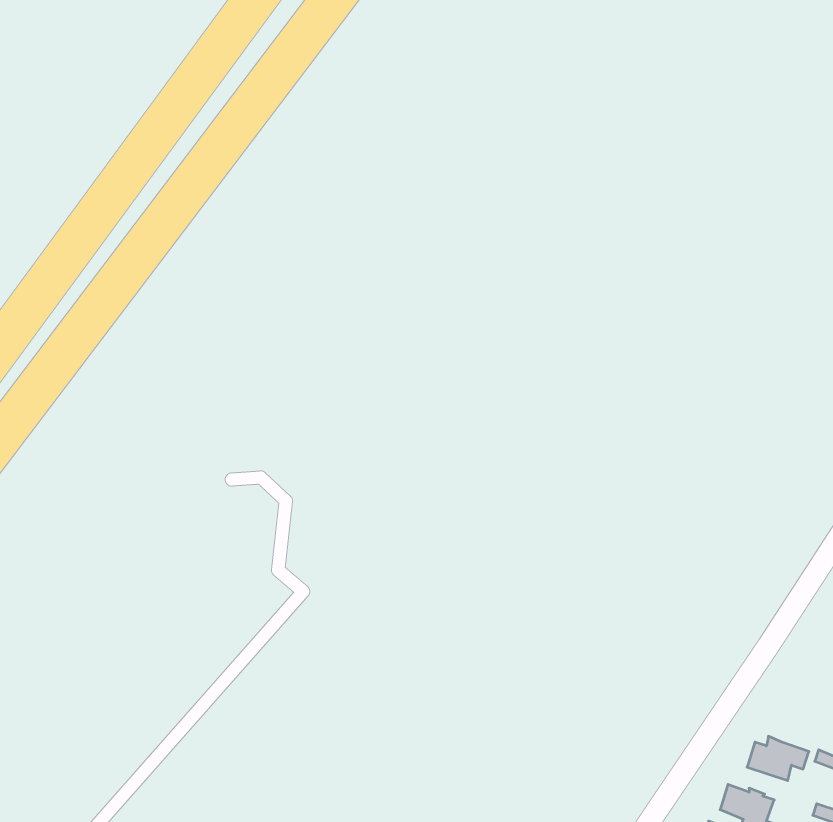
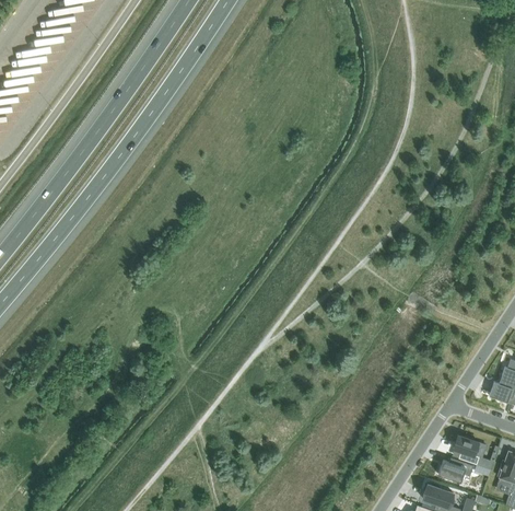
building: none -> [453,435,479,465]

